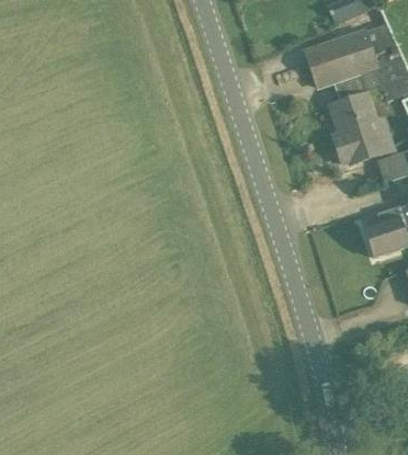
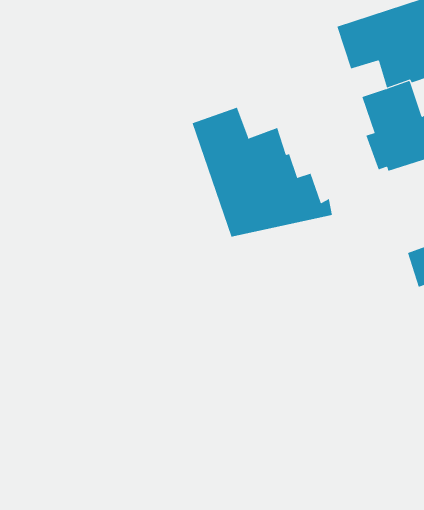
building: none -> [192,107,333,238]

